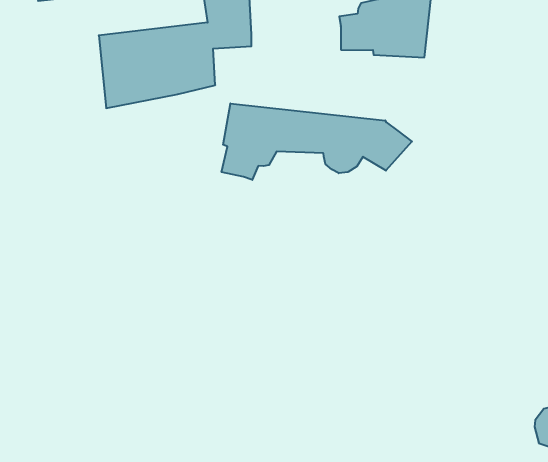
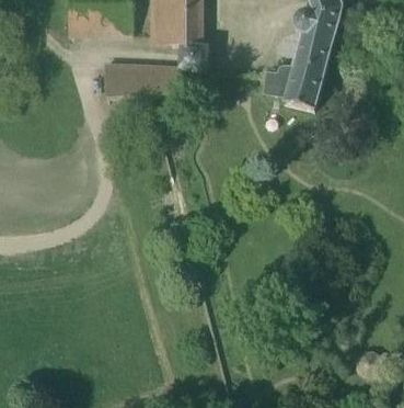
building: [222,103,412,180] -> none

